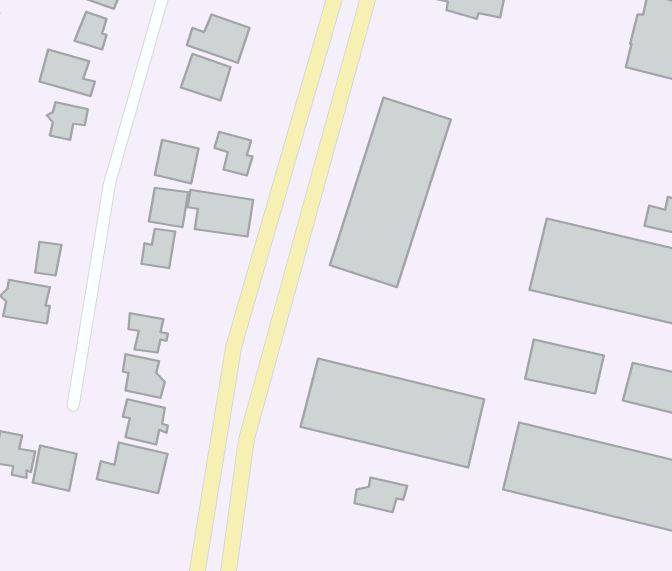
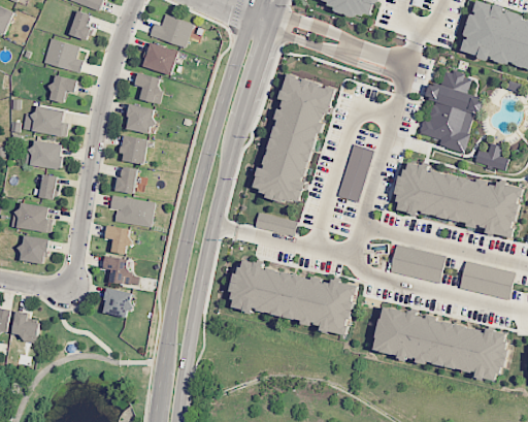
building: none -> [418,70,477,153]
building: [215,132,253,175] -> [135,72,162,103]
building: none -> [33,106,69,138]
building: [188,190,253,236] -> [109,195,156,228]
building: none -> [24,140,68,172]
building: none -> [336,144,371,202]
building: none -> [253,212,295,236]
building: none -> [21,236,50,264]
building: [97,443,168,493] -> none
building: [33,446,76,491] -> none
building: [354,477,407,512] -> none

